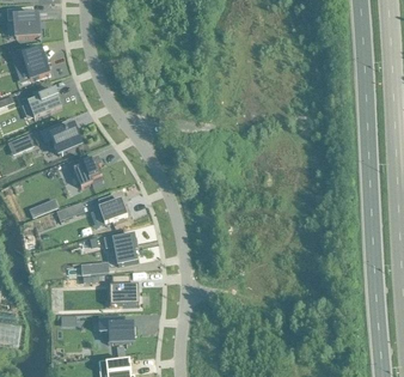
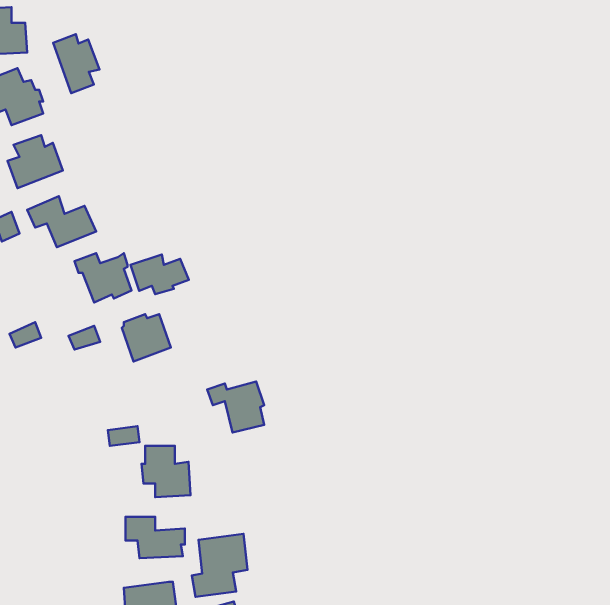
building: none -> [53,34,100,93]
building: none -> [130,254,189,294]
building: [102,233,136,264] -> [207,381,264,433]
building: none -> [192,534,248,597]

